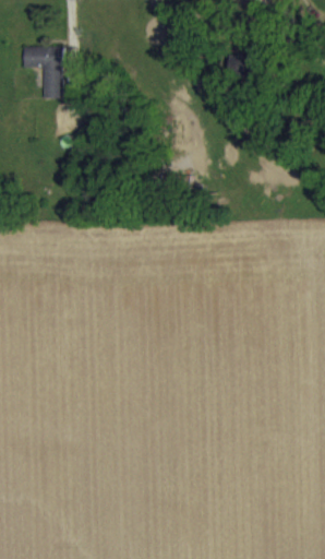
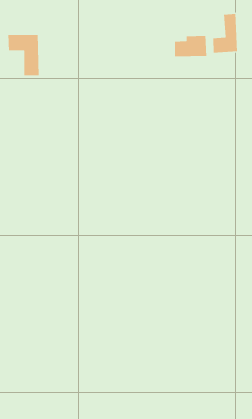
building: none -> [212,13,238,53]

